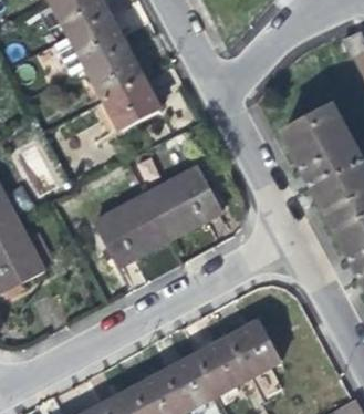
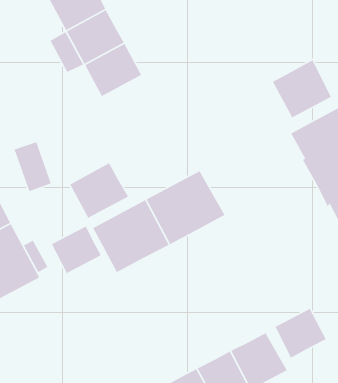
building: none -> [272,59,332,119]
building: [103,75,160,130] -> [69,162,129,219]
building: none -> [51,225,102,274]
building: none -> [275,308,327,359]

